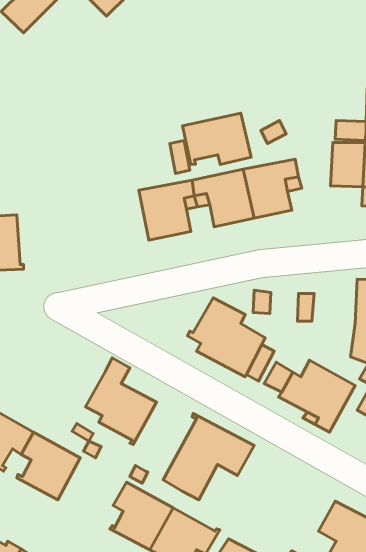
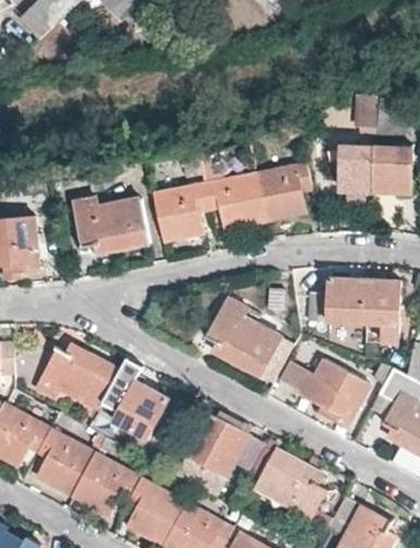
building: [182,113,251,165] -> none
building: none -> [74,197,150,253]
building: none -> [326,276,368,325]
building: none -> [36,344,121,410]
building: none -> [257,450,333,519]
building: none -> [74,454,141,516]

